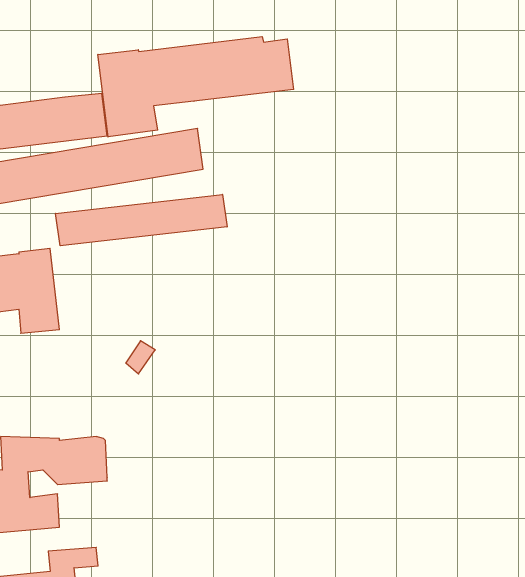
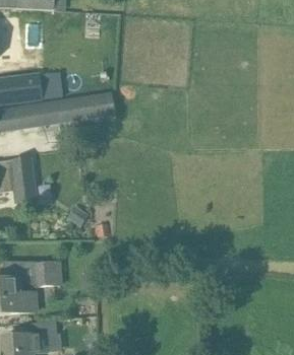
building: [98,37,294,137] -> none
building: [56,194,227,246] -> none

